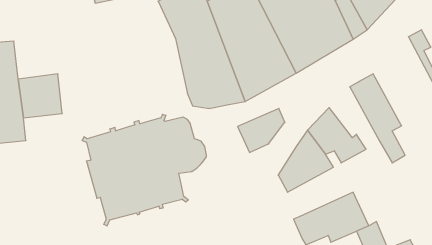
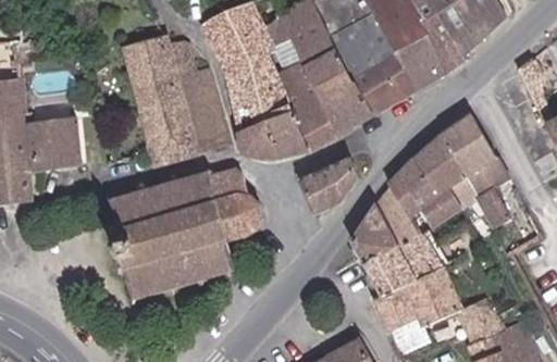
building: none -> [123,37,227,161]
building: none -> [416,132,479,210]
building: none -> [363,229,446,295]

